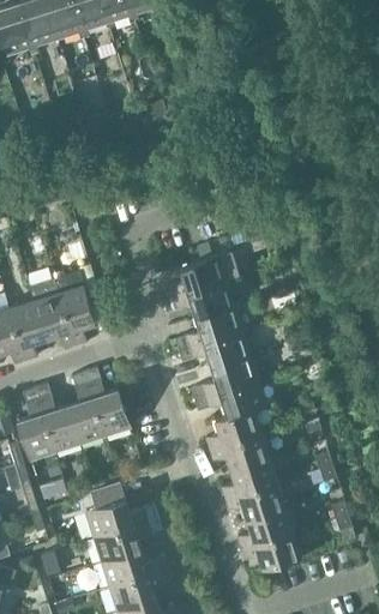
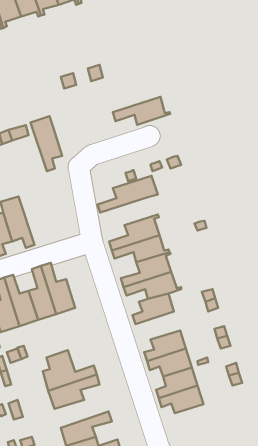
building: [53,270,95,343] -> [31,116,62,171]
building: [162,279,239,317] -> [113,97,170,125]
building: [209,432,269,469] -> none
building: [101,549,173,586] -> none

